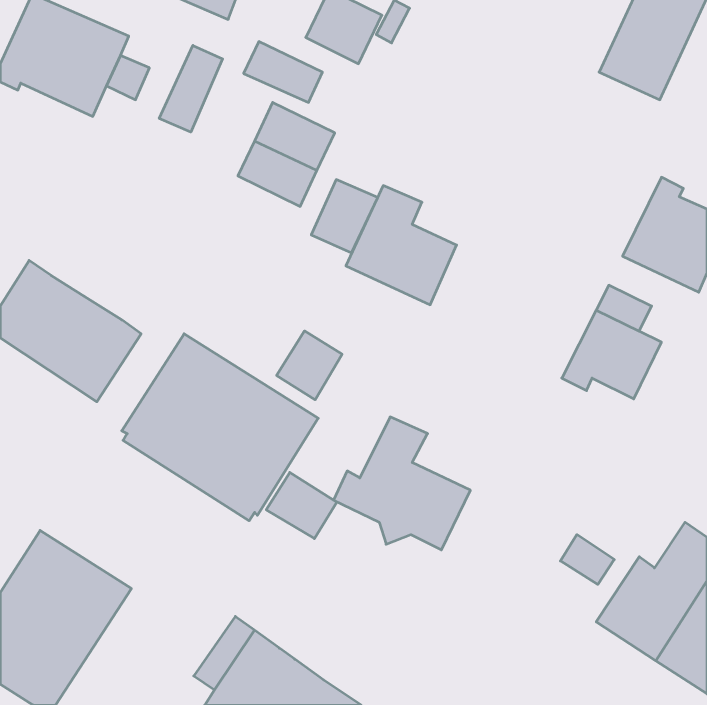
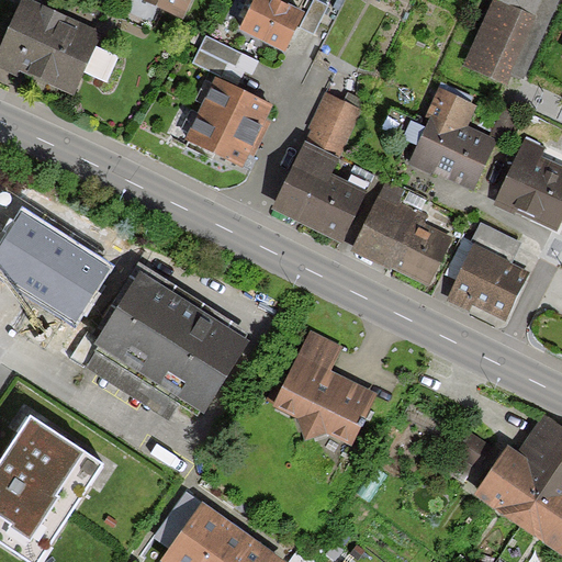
building: [159,45,223,132] -> none
building: none -> [406,87,496,189]
building: [311,180,378,253] -> [305,95,358,154]
building: none -> [353,183,449,282]
building: [277,331,342,400] -> none
building: [266,472,337,539] -> none

